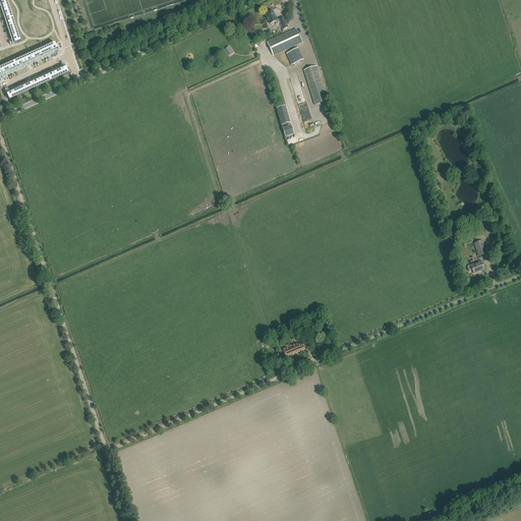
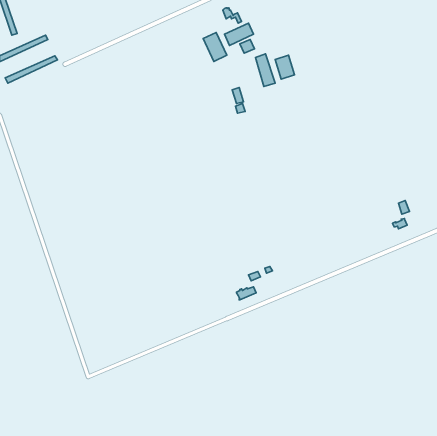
building: none -> [203,33,227,61]
building: none -> [275,55,294,79]

